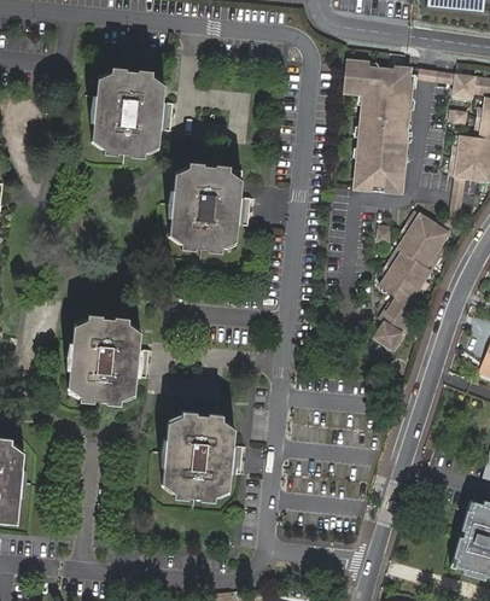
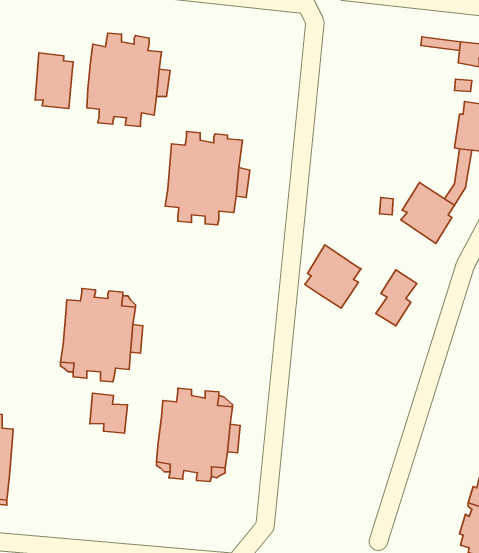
building: [342,60,412,194] -> none
building: none -> [35,53,73,108]
building: [378,249,432,310] -> [305,245,361,308]
building: none -> [90,393,128,433]

